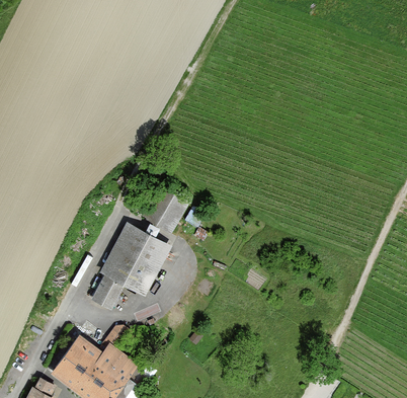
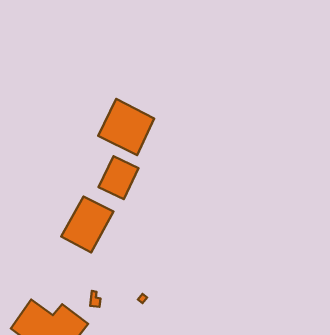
building: none -> [98,99,154,155]
building: [92,281,118,308] -> none

